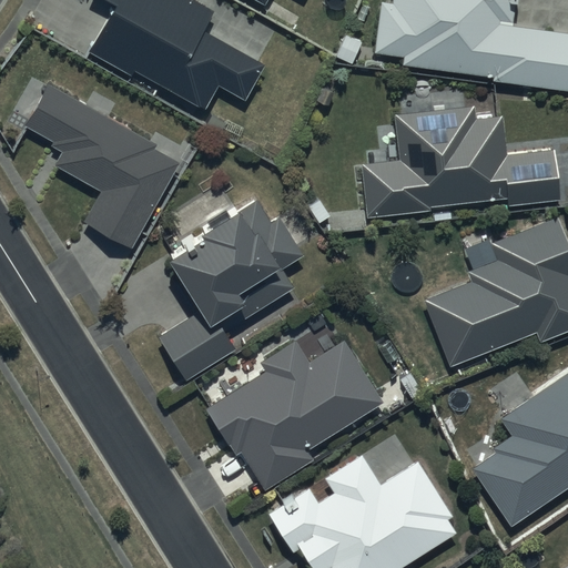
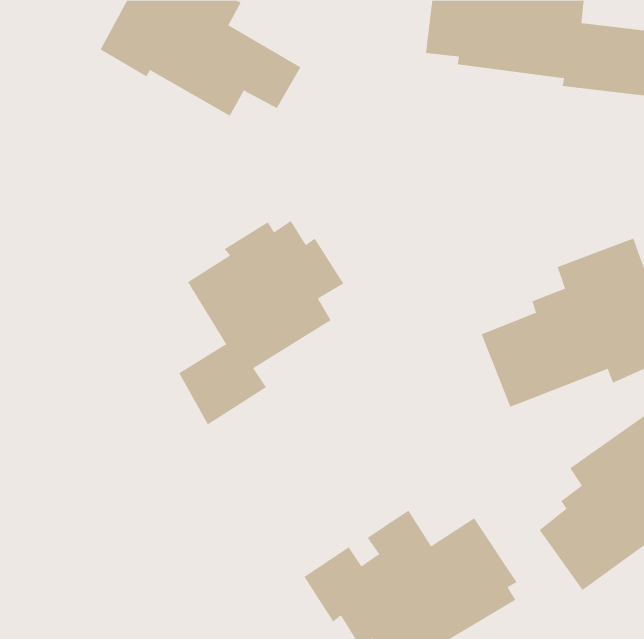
building: [26,84,179,248] -> none
building: [363,105,559,217] -> none
building: [206,339,385,488] -> none

